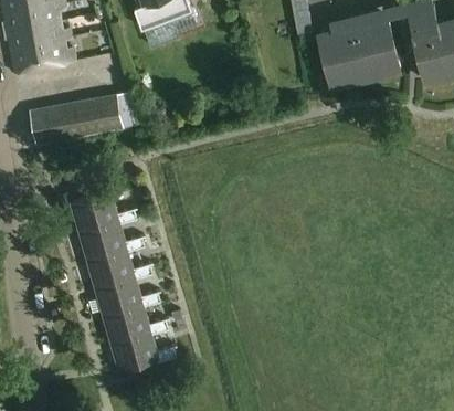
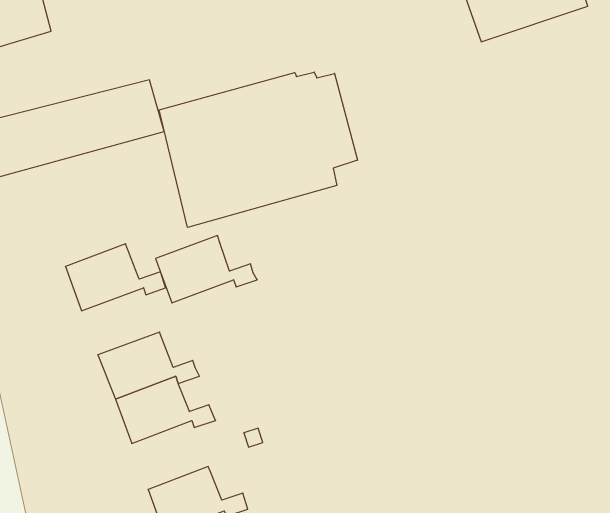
building: none -> [159,72,357,227]
building: [78,219,139,257] -> [156,236,257,303]
building: [103,302,162,341] -> none

